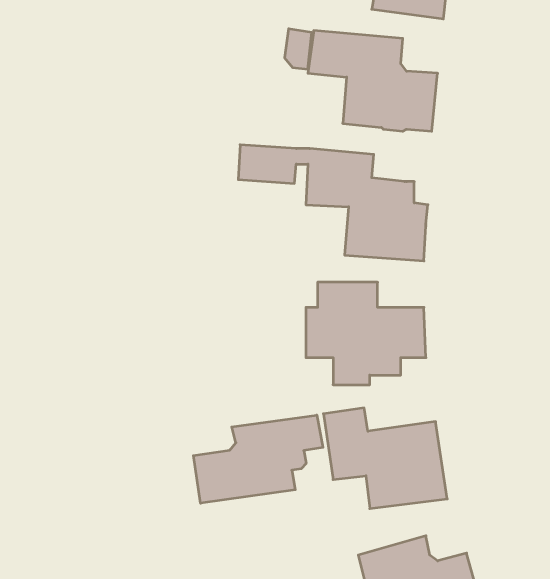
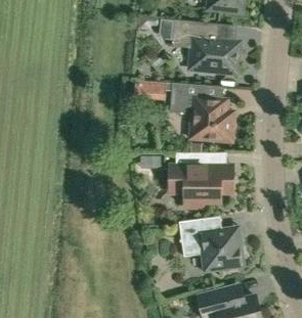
building: [193,415,323,503] -> none

